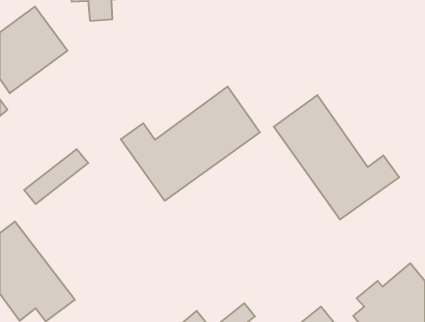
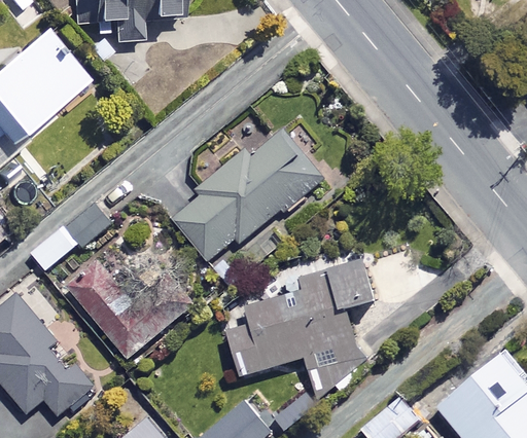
building: [274,95,399,220] -> none
building: none -> [225,258,374,393]
building: none -> [68,260,184,357]

